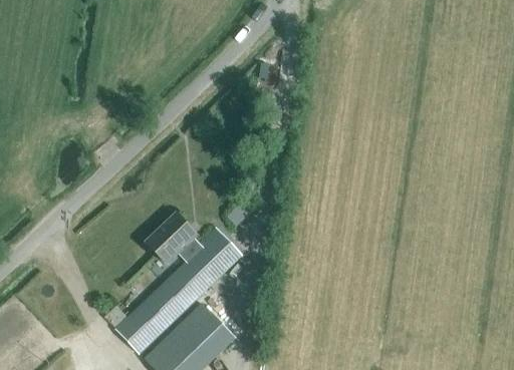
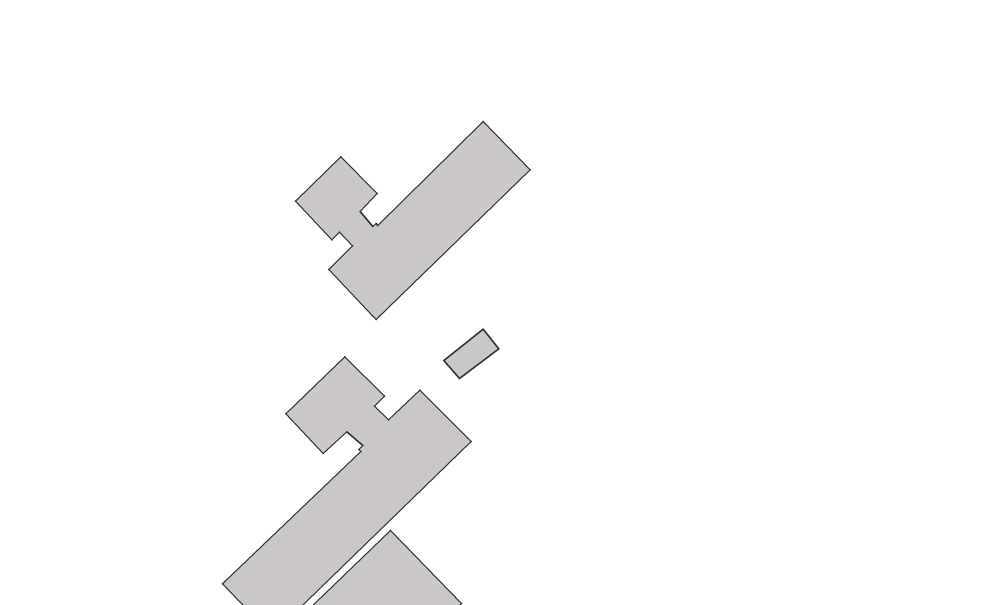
building: none -> [295,122,530,320]

